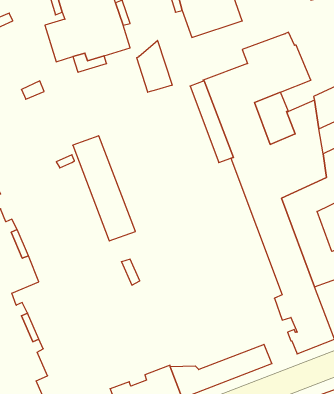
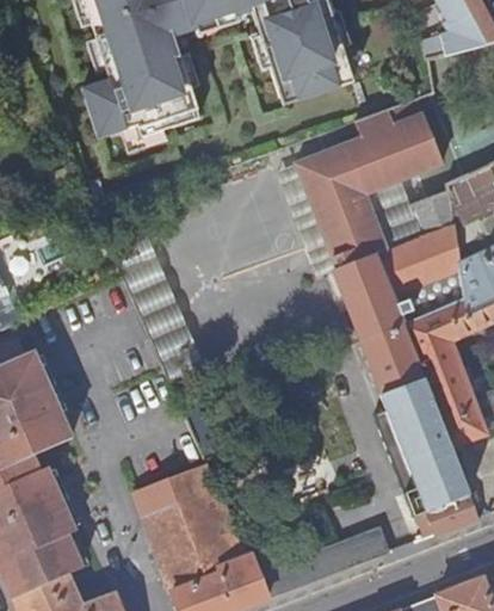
building: [137,40,172,92] -> none
building: none -> [135,463,248,584]

